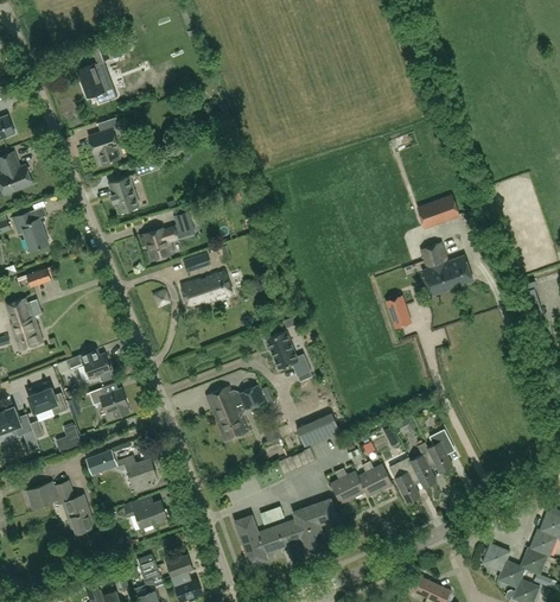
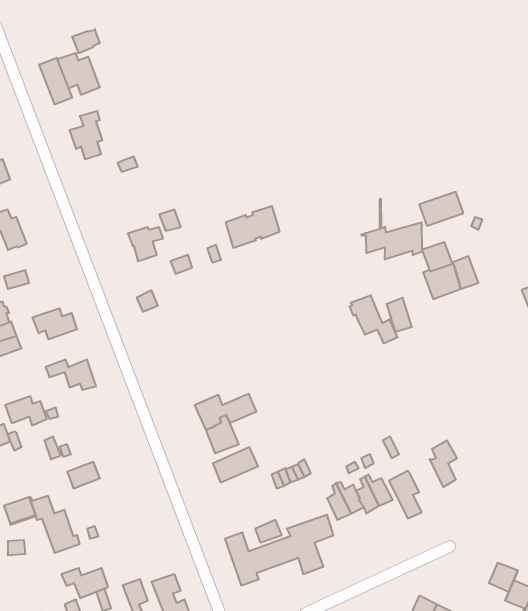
building: none -> [39,58,72,104]
building: [108,176,139,211] -> none
building: none -> [361,199,422,260]
building: [180,270,231,309] -> [226,206,280,248]
building: none -> [32,308,77,339]
building: [265,331,310,376] -> [350,295,398,343]
building: [89,388,129,419] -> none
building: [297,413,339,446] -> [213,447,258,482]
building: [408,442,435,488] -> none
building: [117,456,155,492] -> none
building: [122,500,166,528] -> [61,568,108,598]

